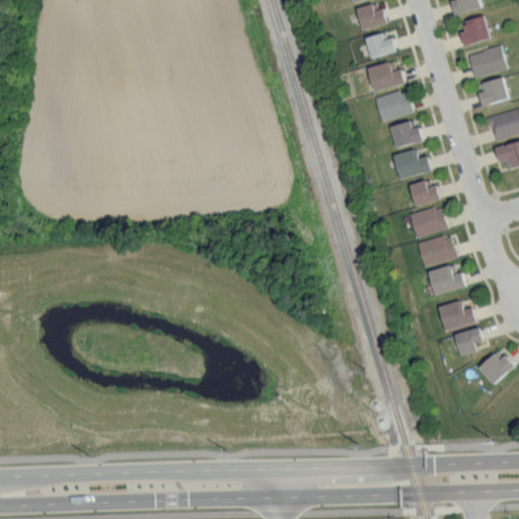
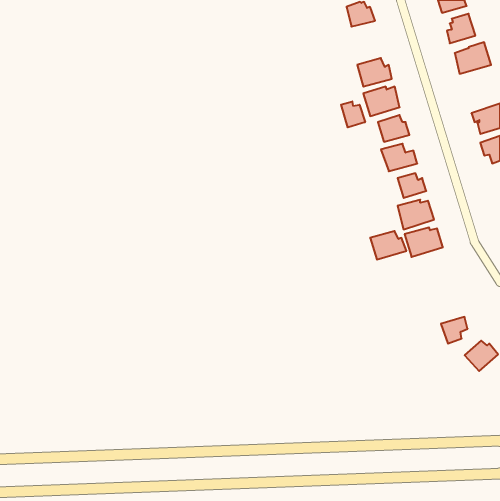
building: [365,34,394,59] -> none
building: [478,77,508,106] -> none
building: none -> [341,101,365,127]
building: [428,266,465,295] -> [370,231,406,260]
building: [439,301,475,330] -> none

